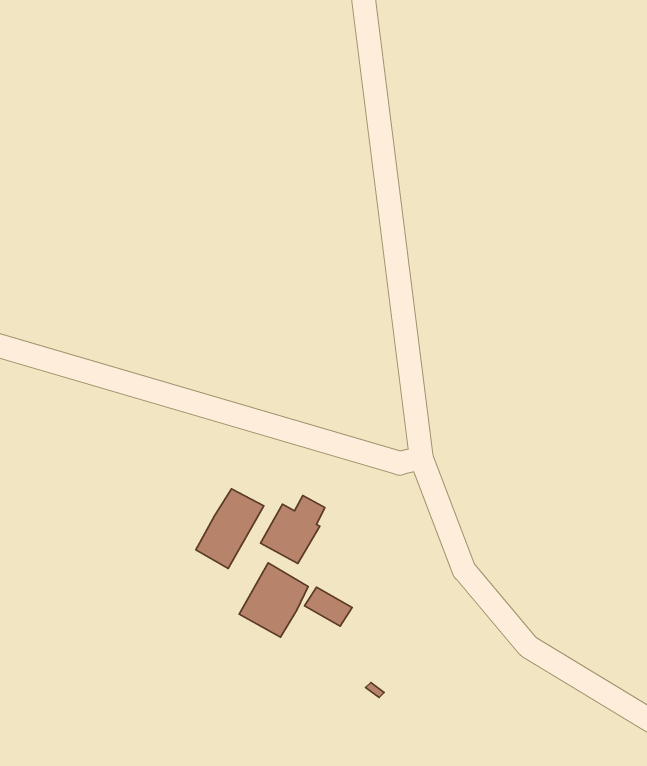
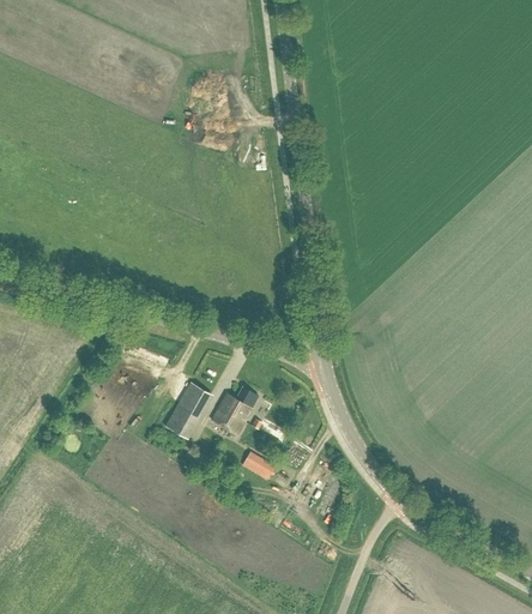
building: [239,563,308,637] -> none

